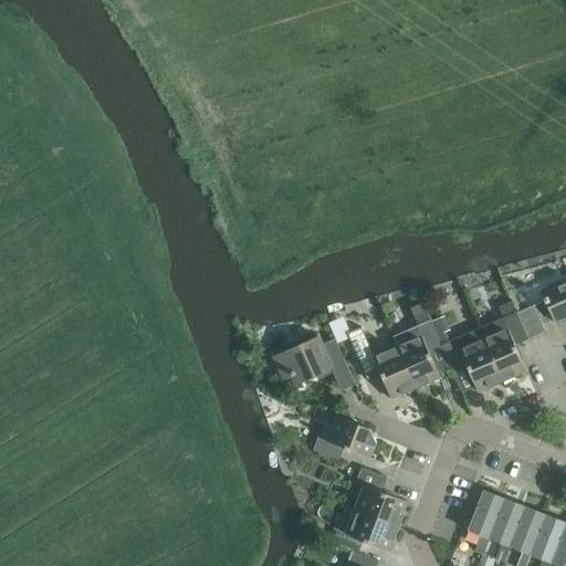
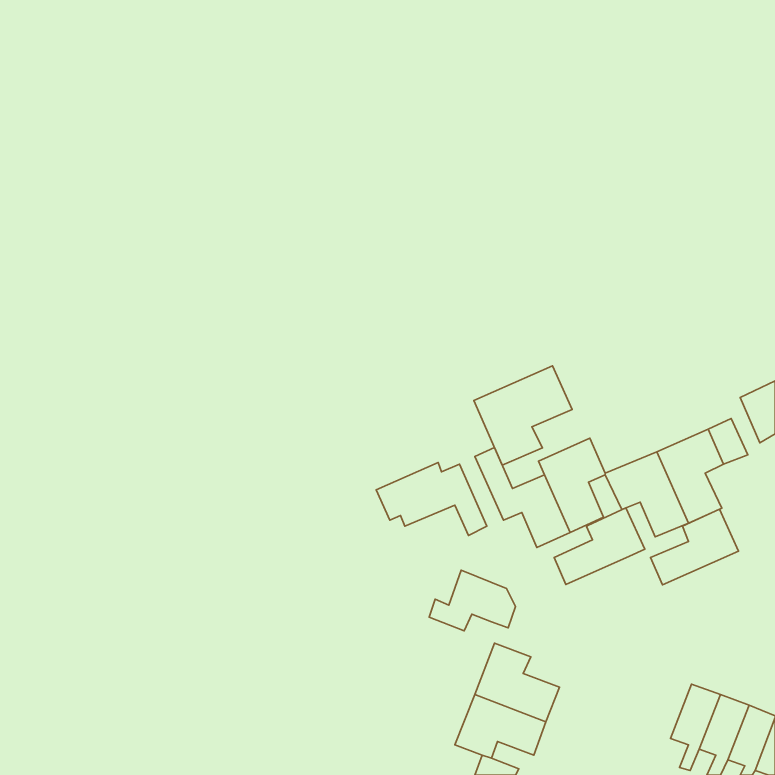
building: none -> [474,366,572,465]
building: none -> [554,508,645,585]
building: none -> [651,509,738,585]
building: [468,490,504,554] -> none

